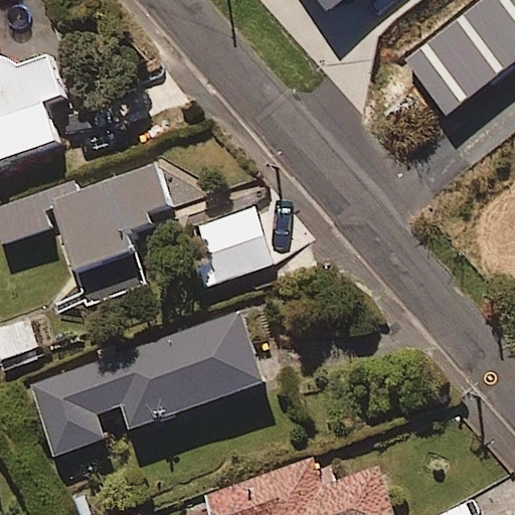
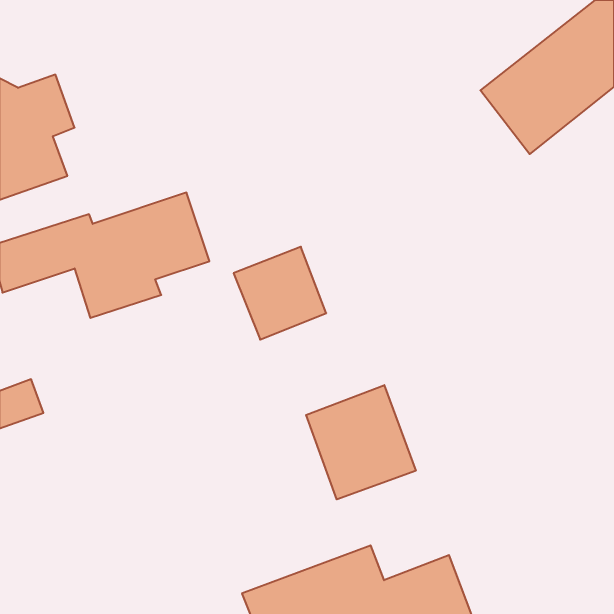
building: [29,310,264,455] -> none
building: none -> [306,385,416,499]

